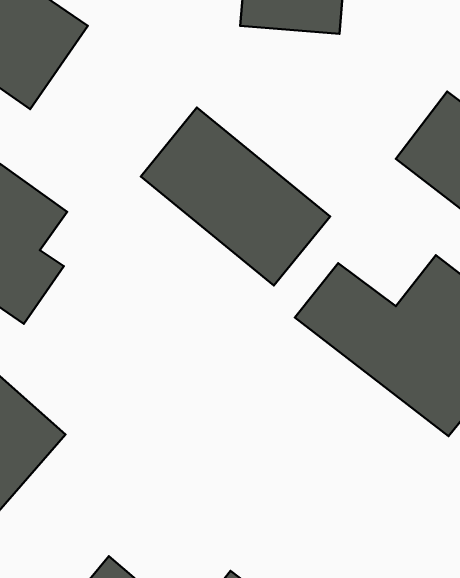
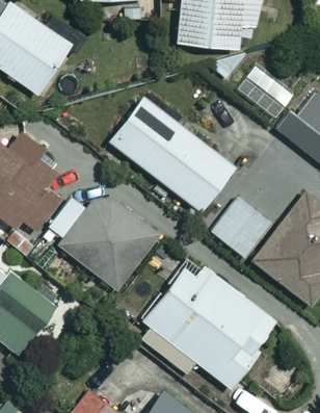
building: none -> [231,63,289,119]
building: none -> [56,193,157,290]
building: none -> [144,259,273,382]

